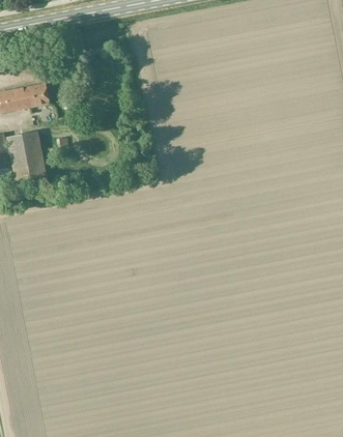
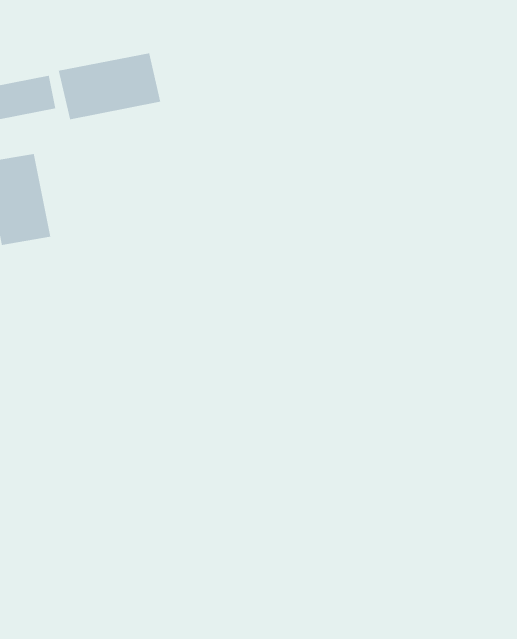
building: none -> [58,52,161,120]

